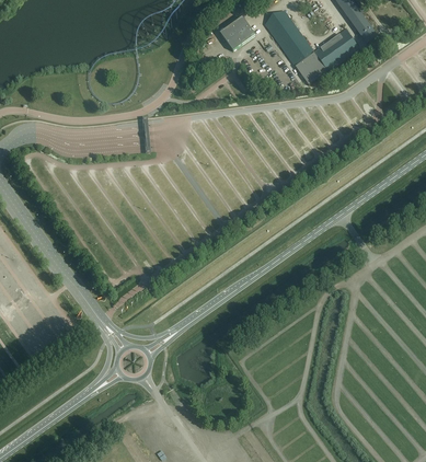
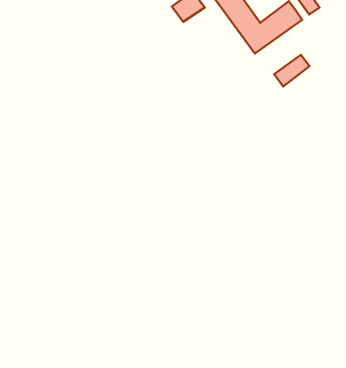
building: none -> [274,55,309,87]

